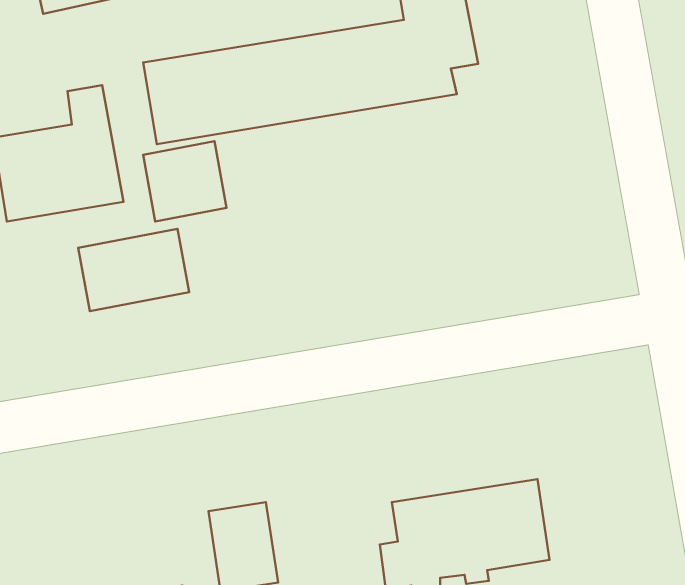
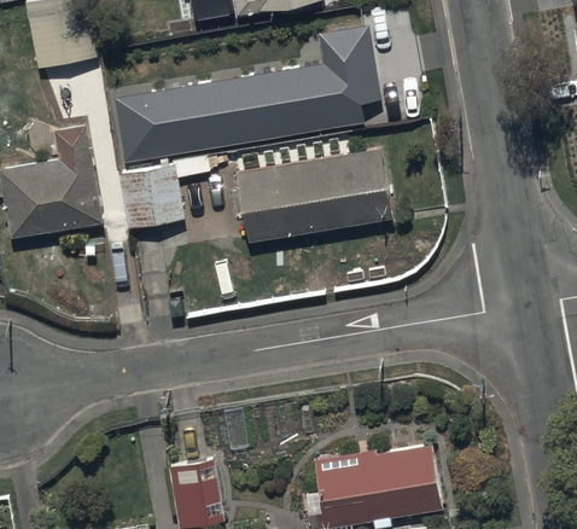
building: none -> [235,143,392,239]
building: [78,229,189,311] -> none

